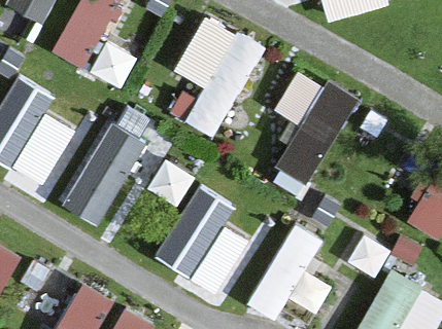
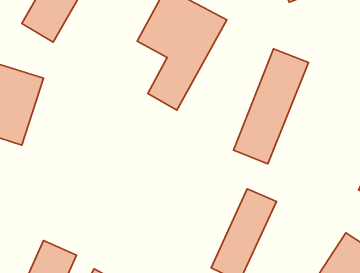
building: [63,120,147,226] -> none
building: [159,182,245,288] -> none

